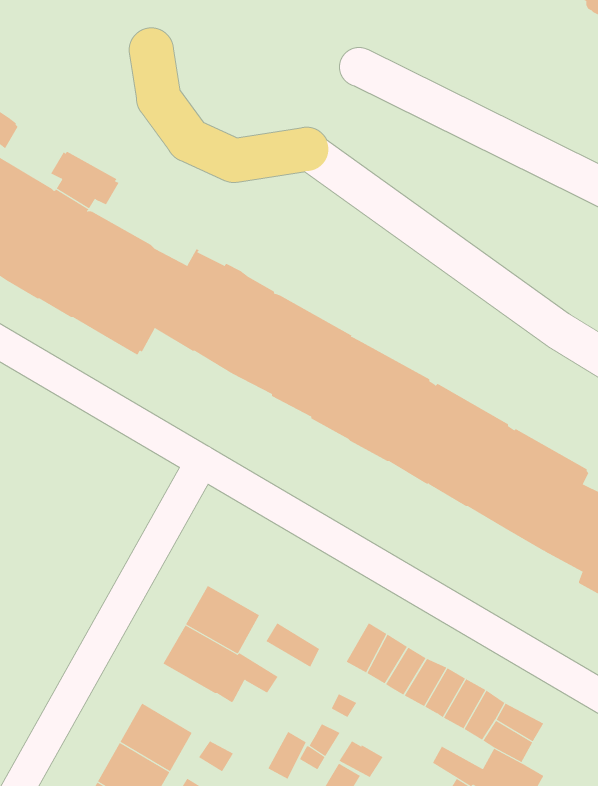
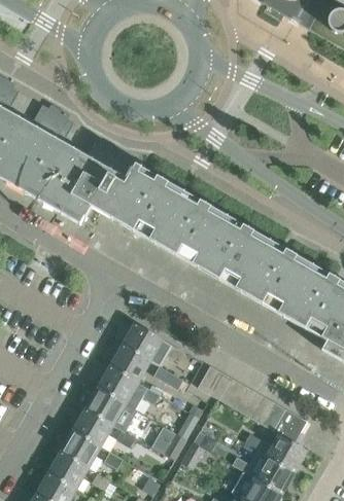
building: none -> [121,322,184,362]
building: none -> [84,388,125,426]

